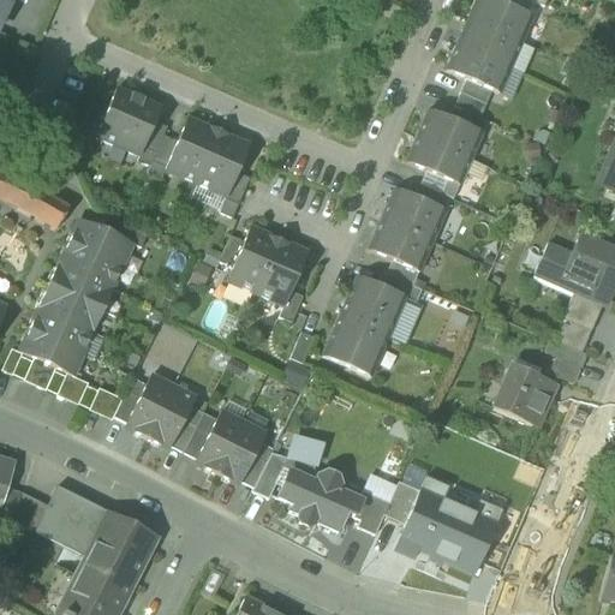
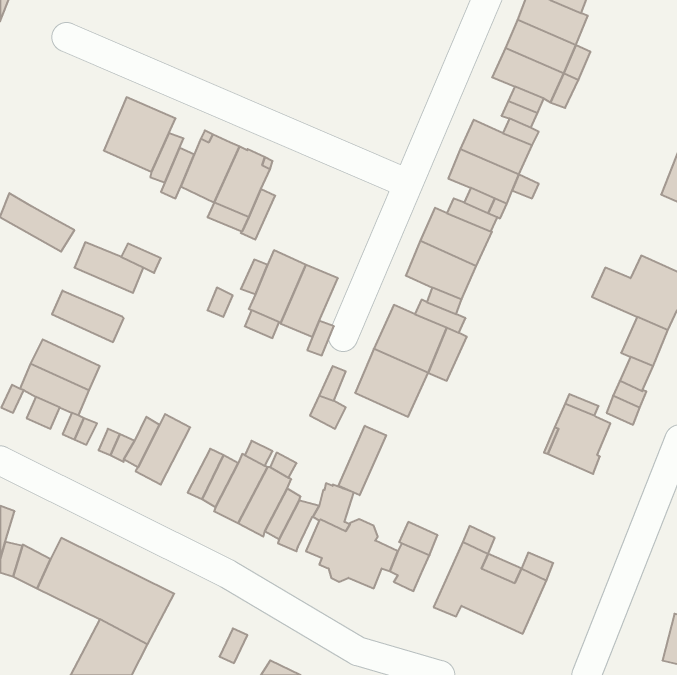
building: [60,241,123,286] -> none
building: [40,283,105,330] -> none
building: none -> [339,426,386,495]
building: [148,386,196,448] -> none
building: [384,480,420,524] -> none

